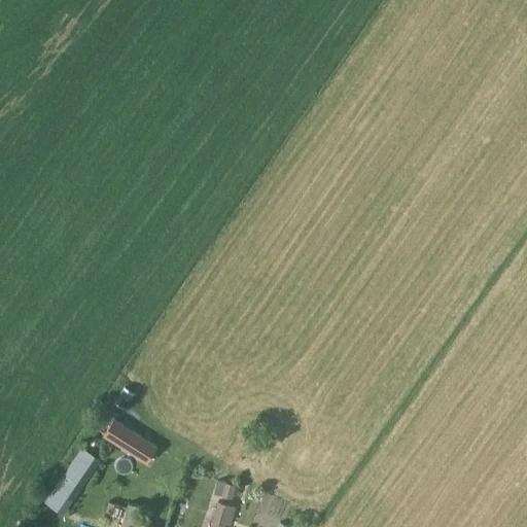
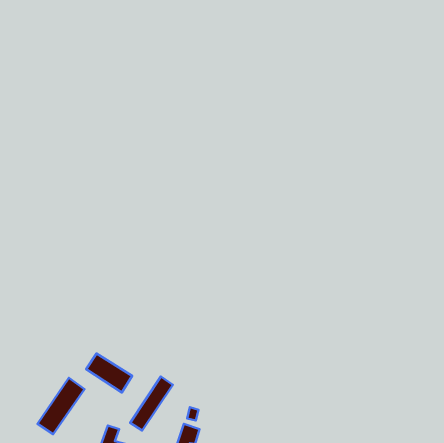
building: none -> [130,376,173,430]

